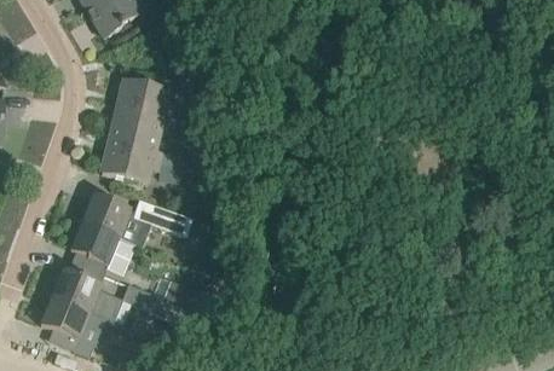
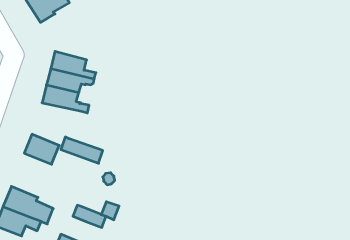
building: [102,150,162,182] -> none
building: [70,221,135,276] -> none

